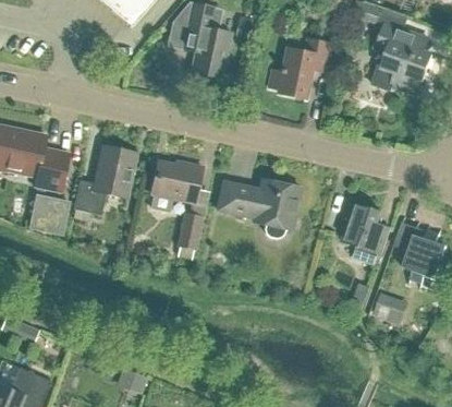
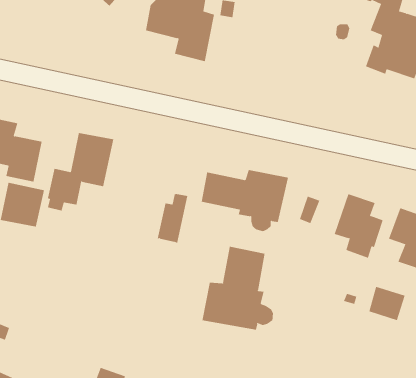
building: [270,39,335,99] -> none
building: [150,161,201,212] -> none
building: none -> [202,246,274,330]

